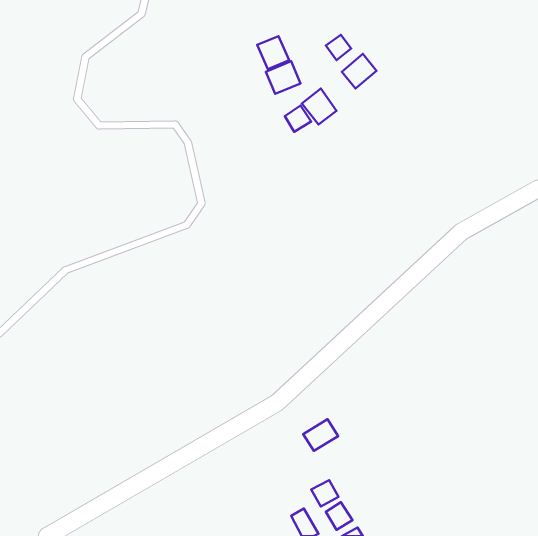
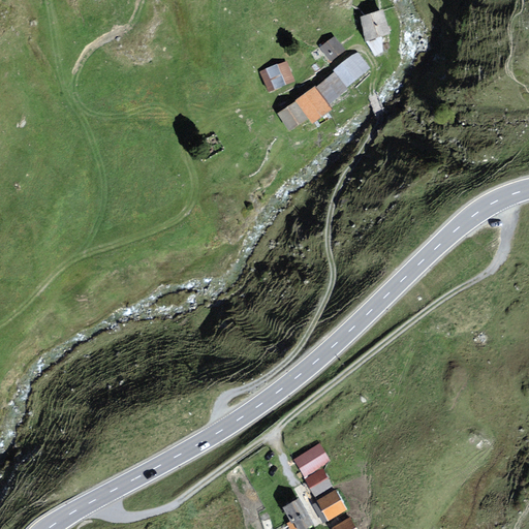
building: none -> [360,7,390,37]
building: [257,36,289,69] -> none
building: none -> [317,74,345,102]
building: [303,419,338,451] -> [294,444,329,475]

